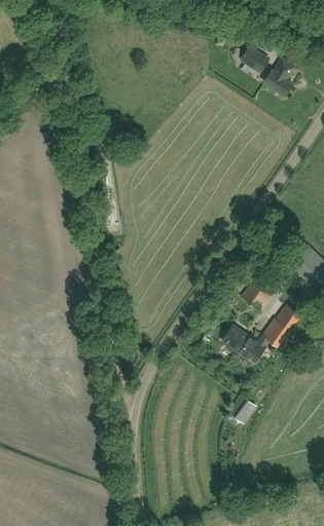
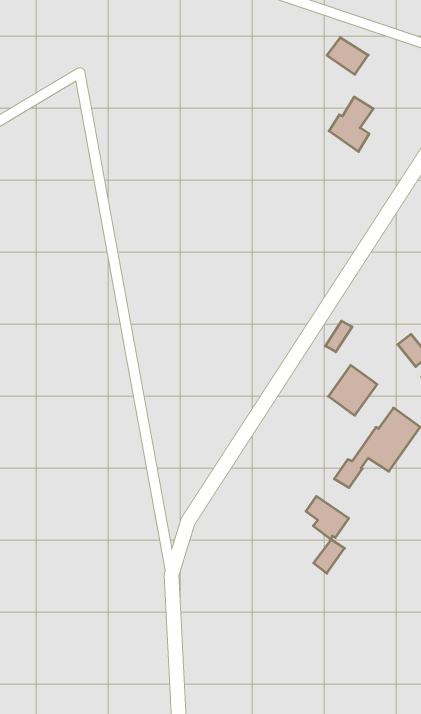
building: [264,59,295,97] -> [329,97,373,152]
building: [225,326,255,355] -> [306,496,349,539]

